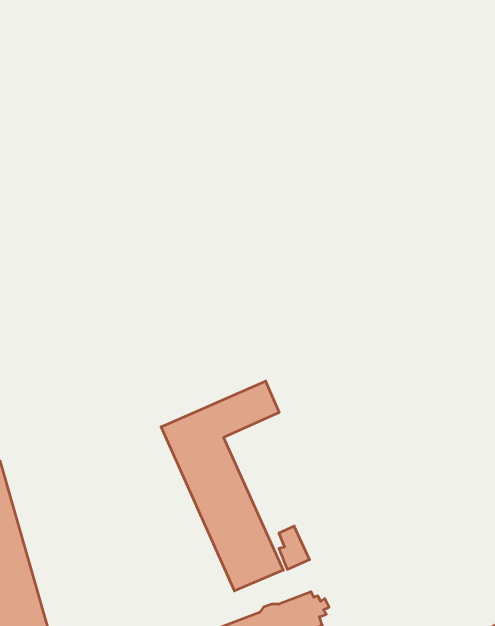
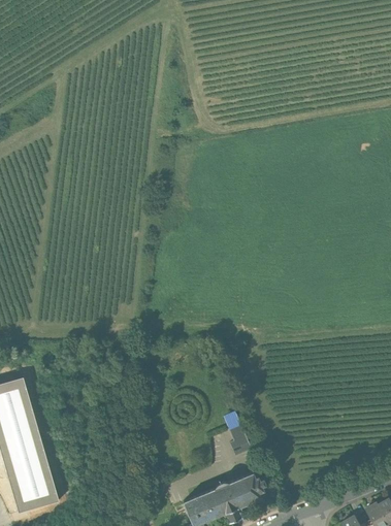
building: [161,381,283,591] -> none

